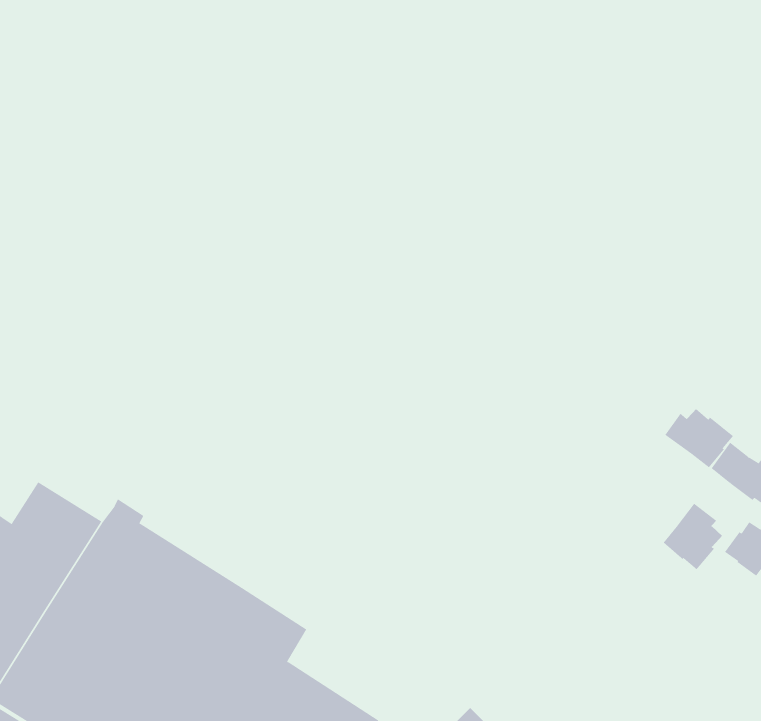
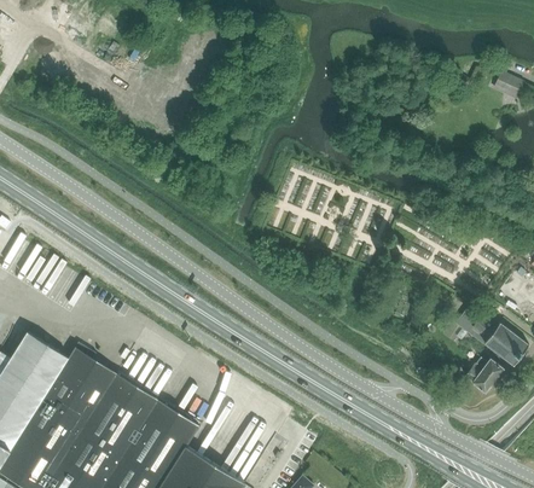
building: [665,408,734,468] -> none
building: [663,503,723,570] -> none

